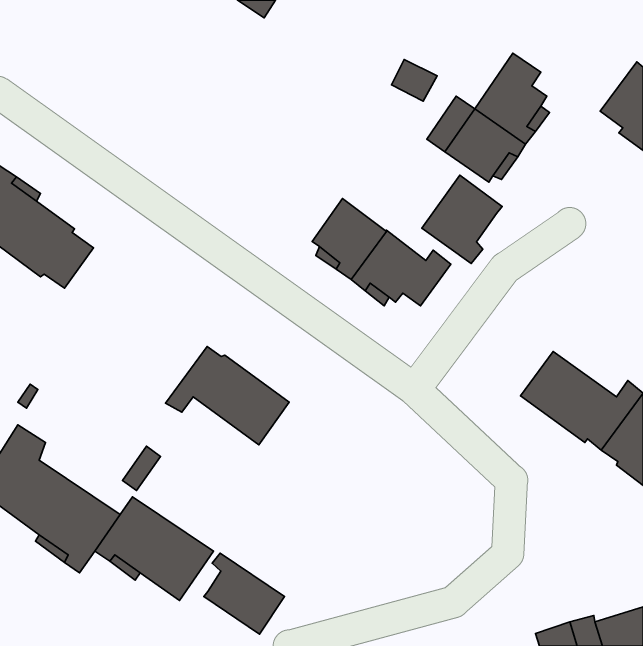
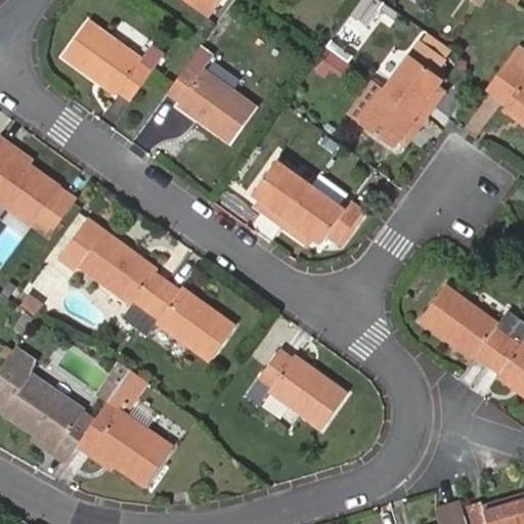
building: none -> [63,23,165,102]
building: none -> [167,47,256,143]
building: [422,175,502,263] -> none
building: none -> [56,217,168,326]
building: none -> [246,348,348,429]
building: none -> [107,369,147,413]
building: [204,553,285,634] -> none

